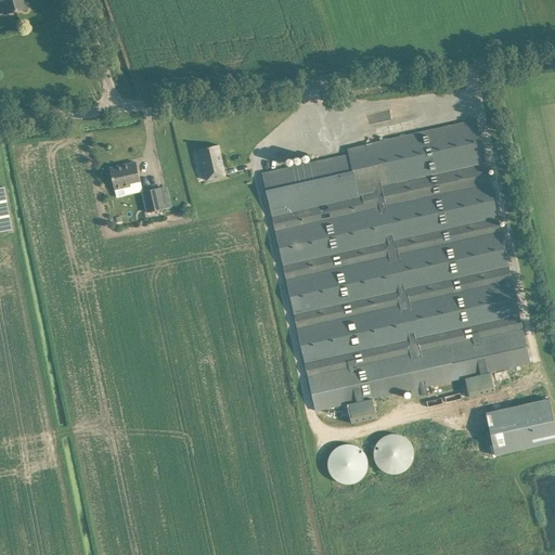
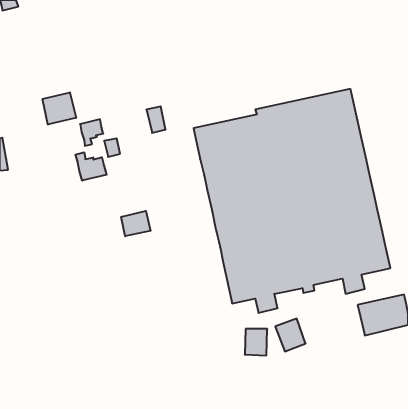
building: none -> [43,92,76,125]
building: none -> [75,152,107,181]
building: none -> [121,211,150,236]

